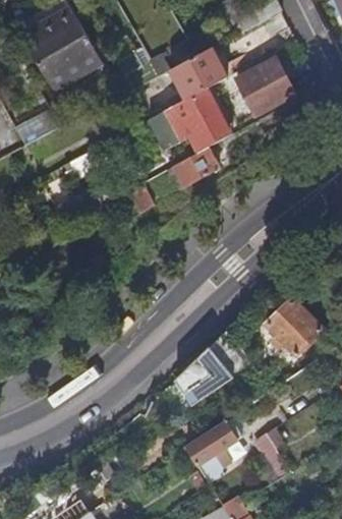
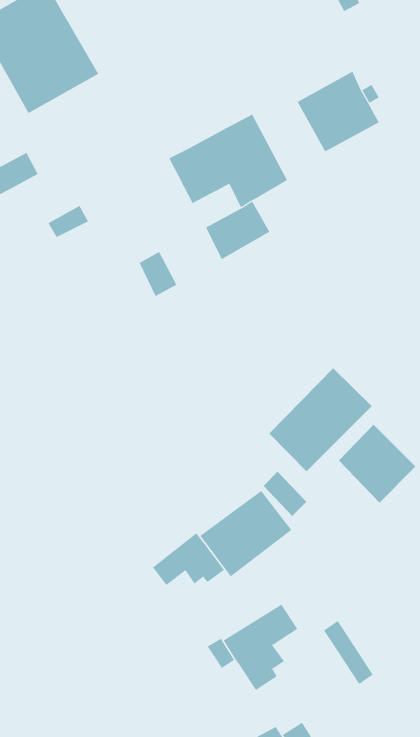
building: [171,47,227,98] -> none
building: none -> [269,367,372,472]
building: none -> [152,533,225,586]

